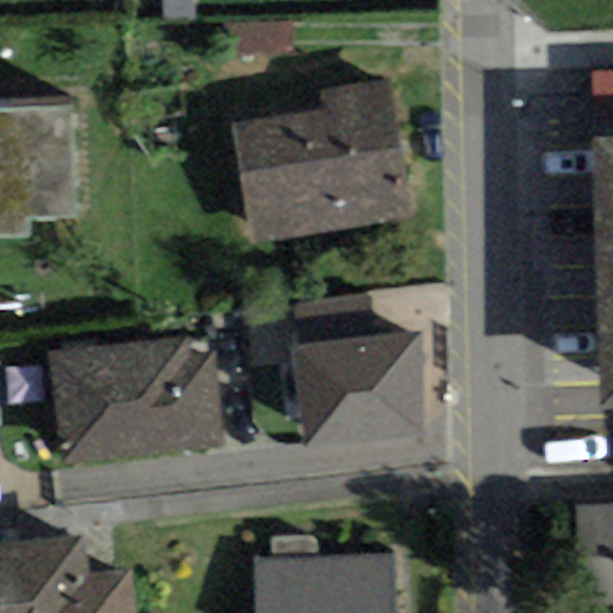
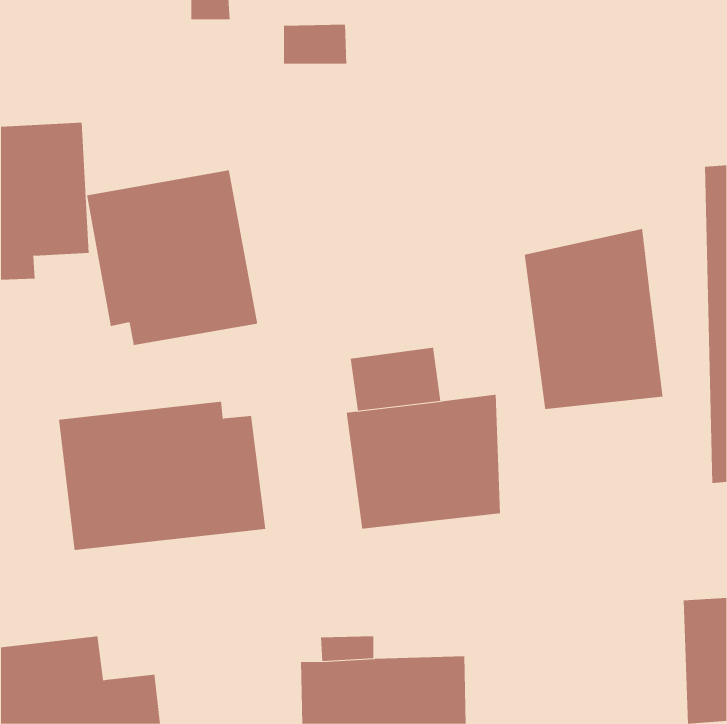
building: [232,79,411,244] -> none
building: none -> [86,169,258,346]
building: none -> [524,228,663,410]

